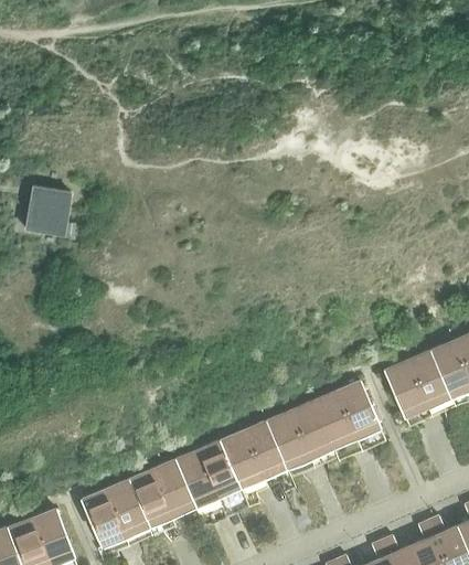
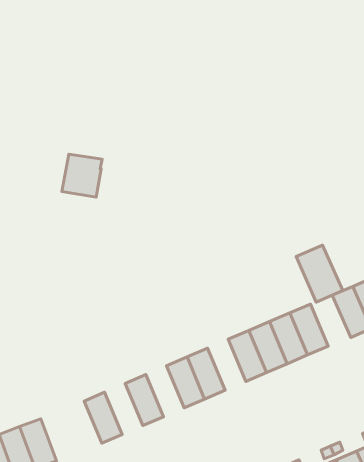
building: [25,188,71,236] -> [62,154,102,197]
building: none -> [296,245,343,302]
building: [244,420,287,478] -> none
building: [174,450,217,508] -> none
building: [128,470,171,527] -> none
building: [82,490,125,547] -> none

